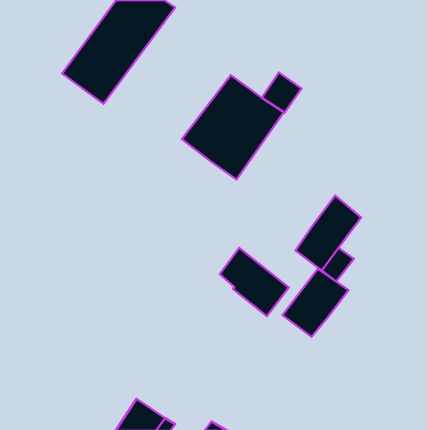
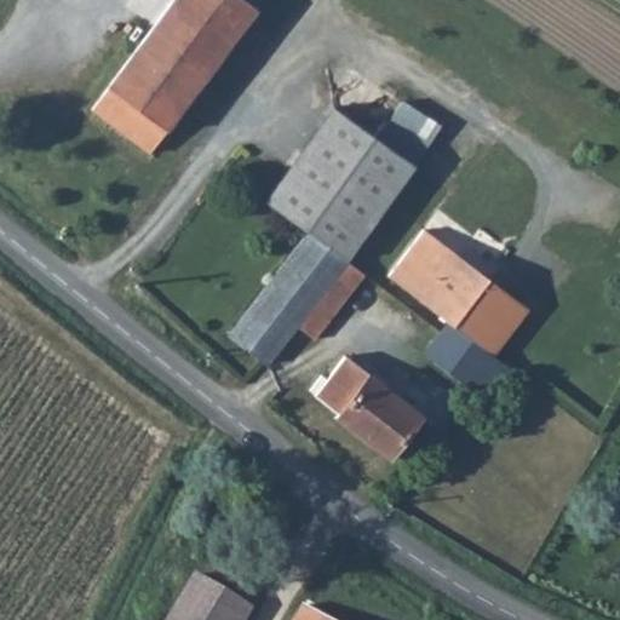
building: none -> [389,231,489,326]
building: none -> [231,232,364,364]
building: [282,269,348,337] -> none

